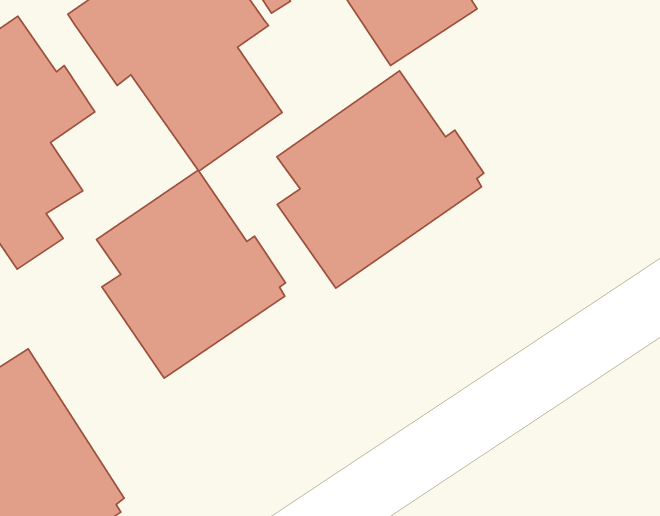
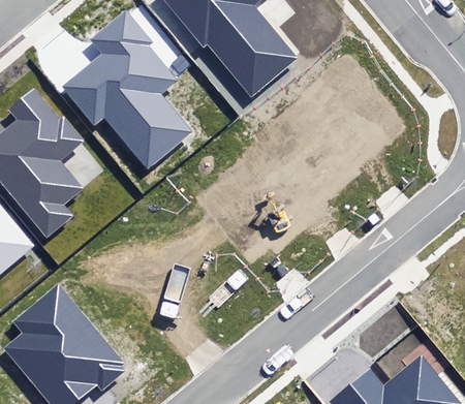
building: [277,71,484,288] -> none
building: [96,170,285,378] -> none

